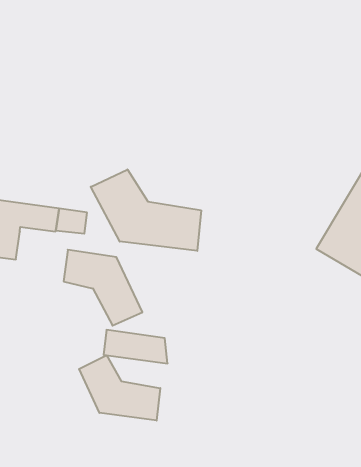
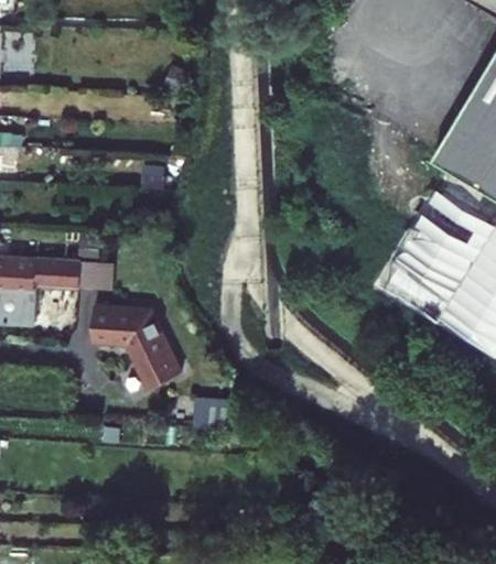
building: [91,169,201,251] -> none
building: [79,355,160,421] -> none

